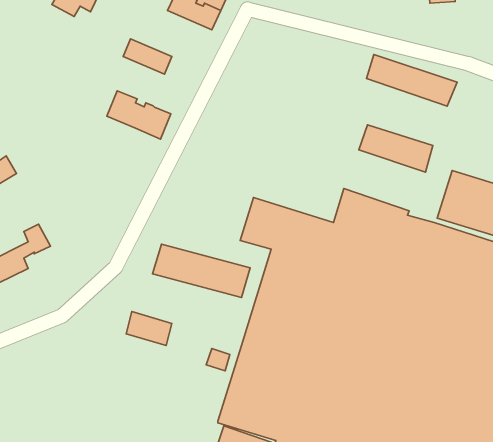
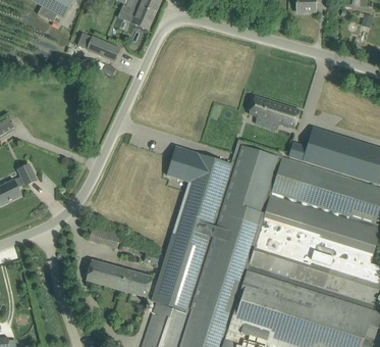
building: [367,55,457,106] -> none
building: [107,91,171,139] -> none
building: [153,244,250,298] -> [86,259,153,296]

